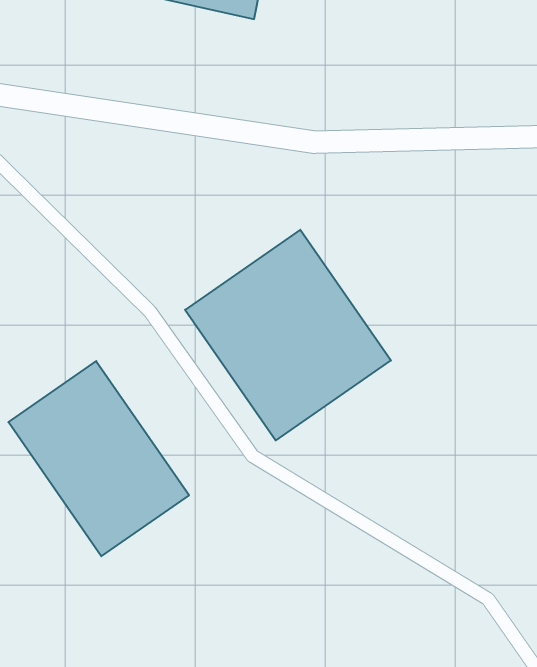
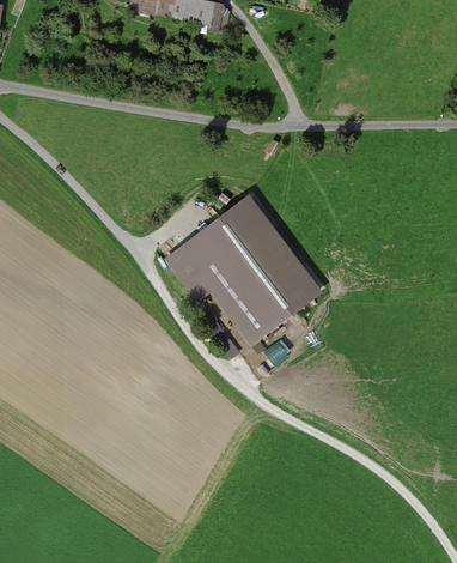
building: [8,361,189,556] -> none

